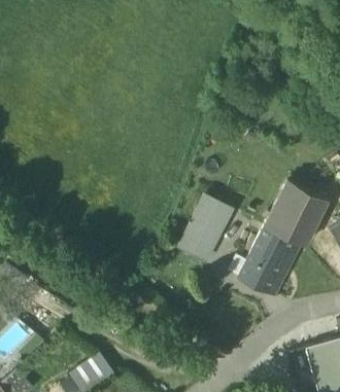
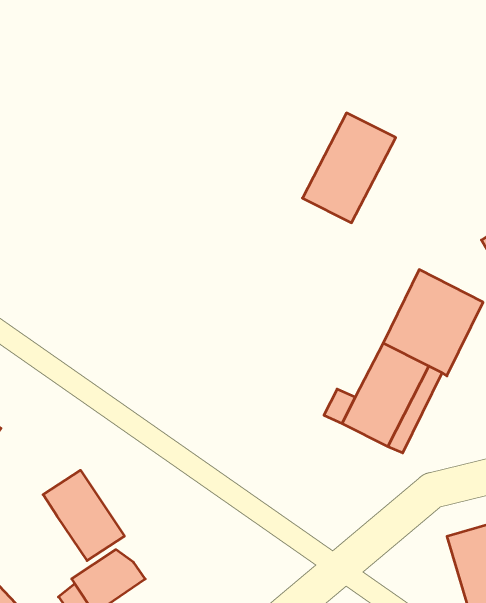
building: [175,193,234,262] -> [302,113,396,223]
building: none -> [43,470,124,561]

